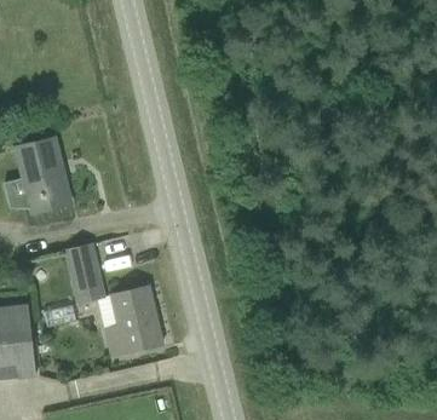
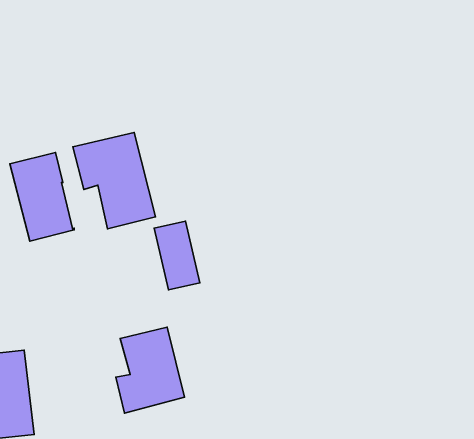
building: none -> [73,132,155,229]
building: [65,243,104,301] -> [154,221,200,290]

